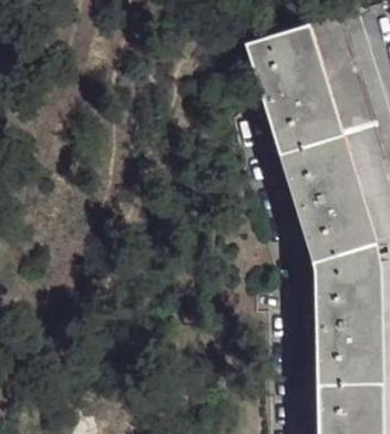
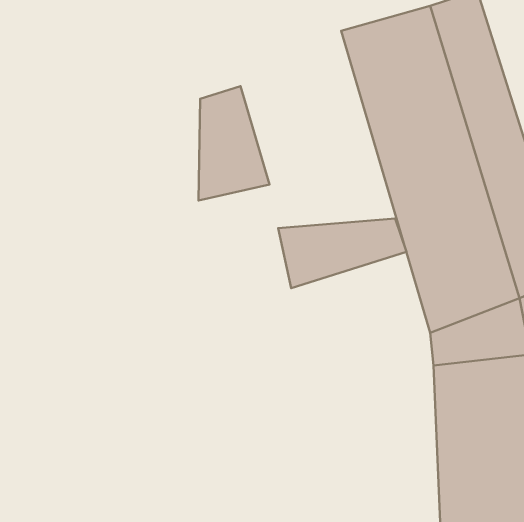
building: none -> [198,86,269,201]
building: none -> [278,218,406,288]

